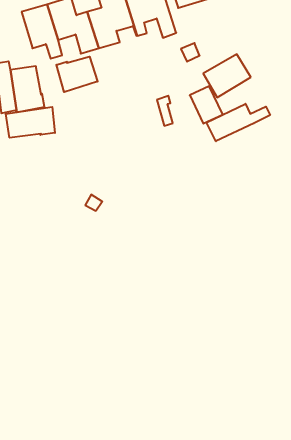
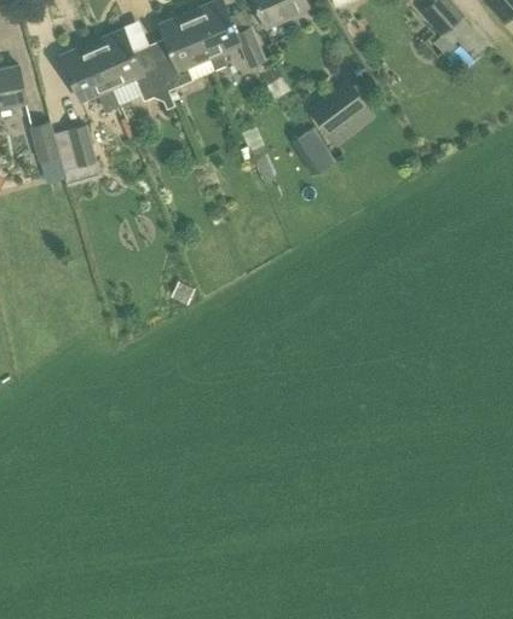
building: [56,57,98,92] -> none
building: [207,104,270,141] -> none
building: [6,107,55,138] -> none

